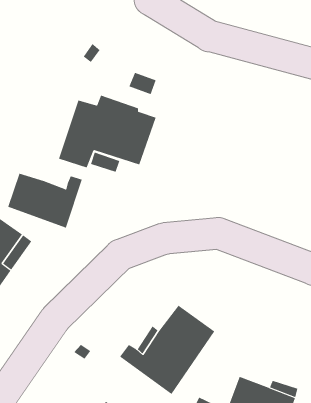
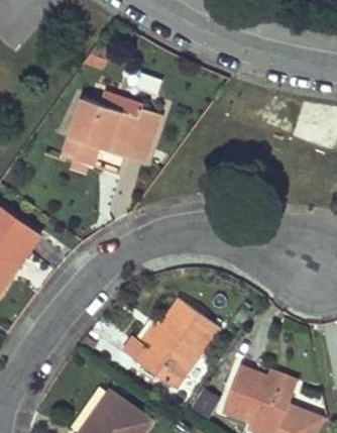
building: [7,173,82,228] -> none

